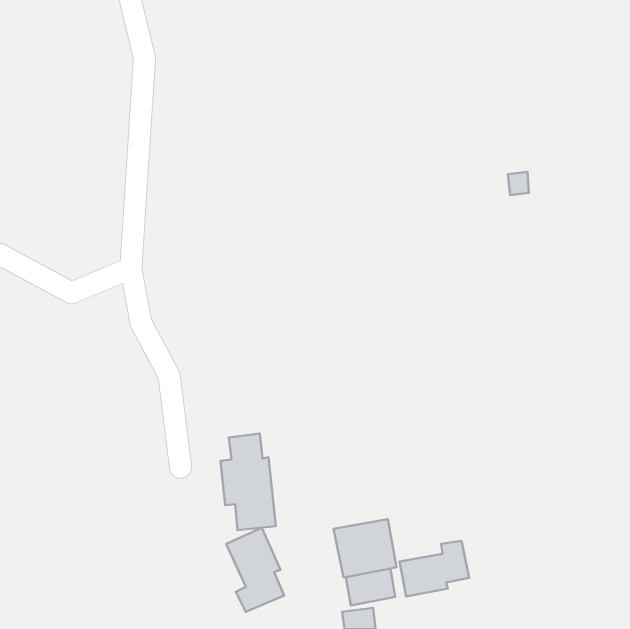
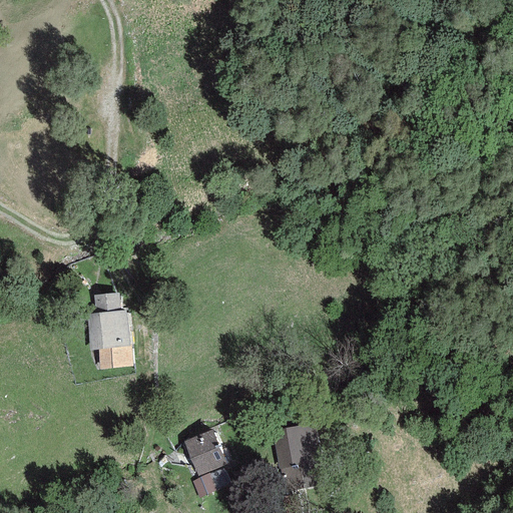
building: [220,434,276,530] -> [87,291,132,369]
building: [400,541,469,597] -> none

